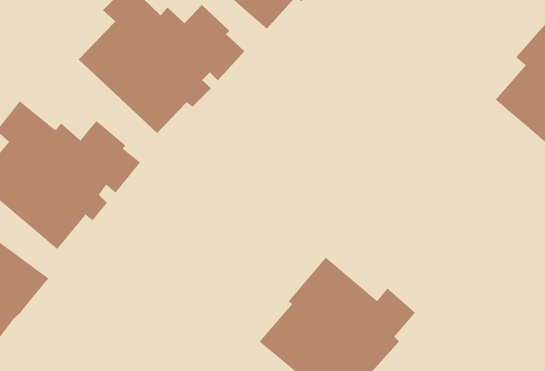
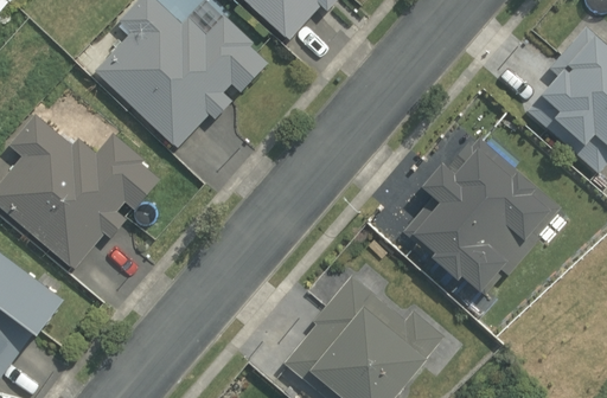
building: none -> [402,137,560,294]

